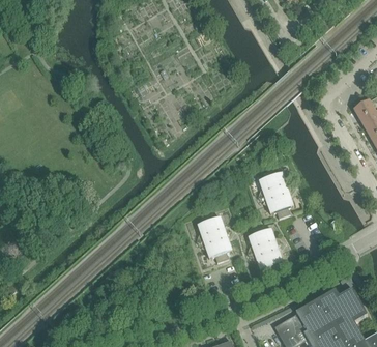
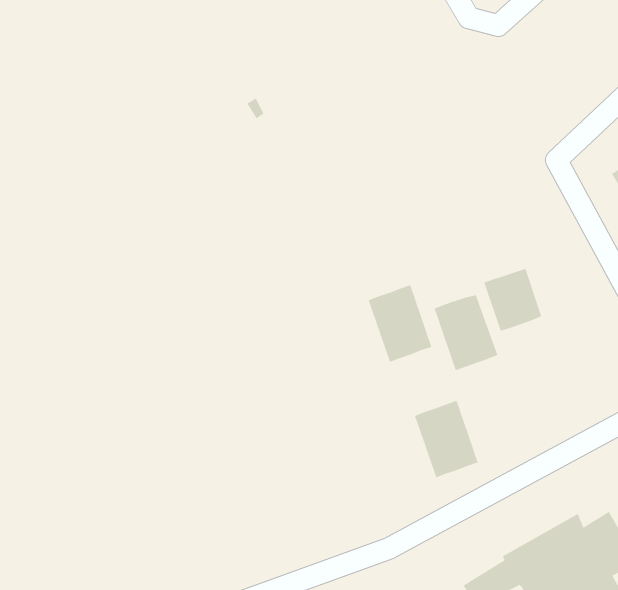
building: none -> [484,268,542,332]
building: [198,215,232,257] -> [368,285,432,363]

